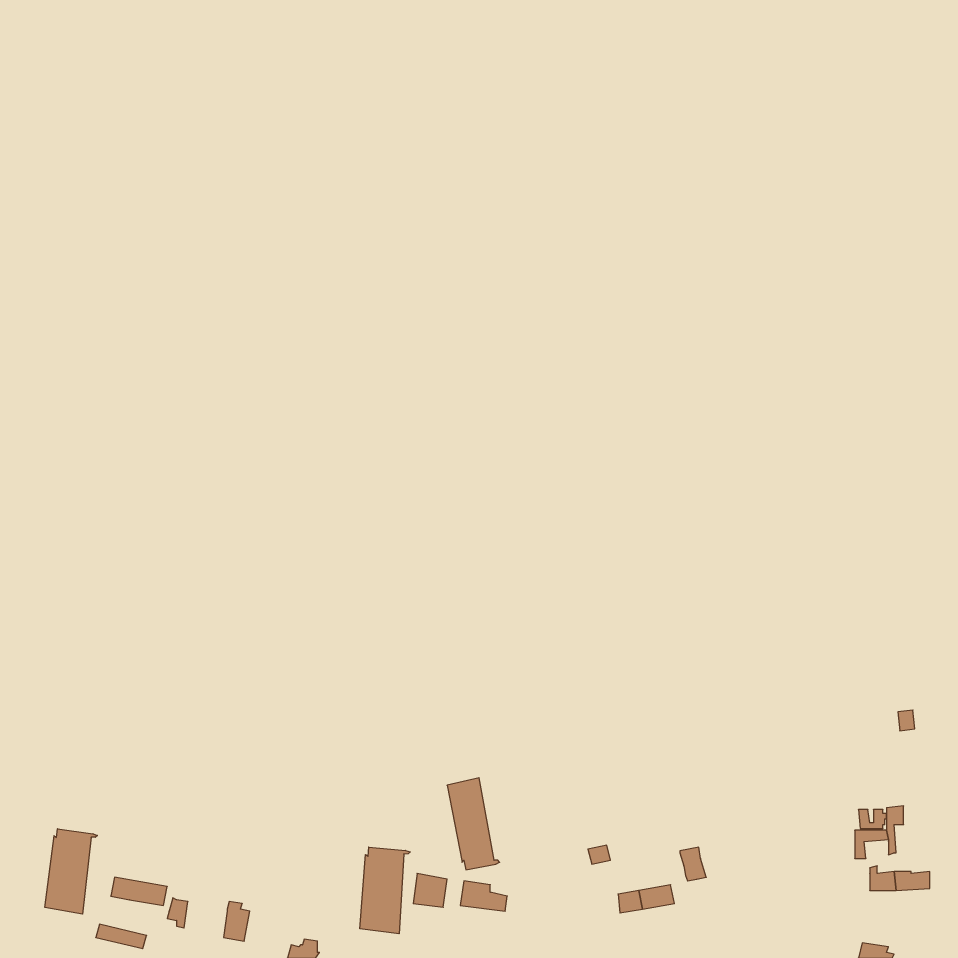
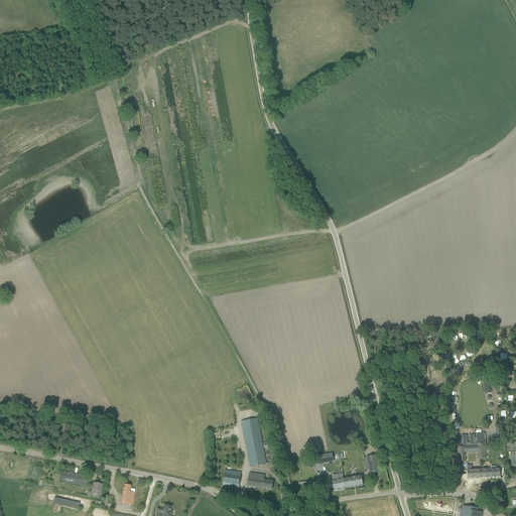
building: [45,829,97,914] -> none
building: [360,847,410,934] -> none

